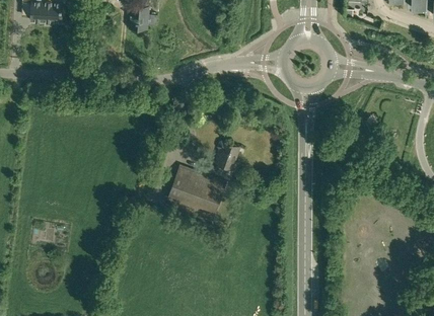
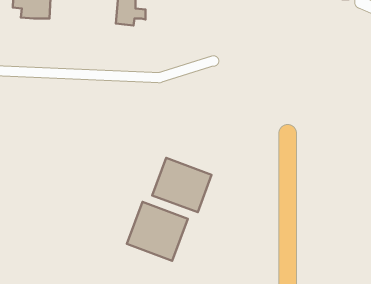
building: [215,142,239,169] -> none
building: none -> [127,202,188,261]

